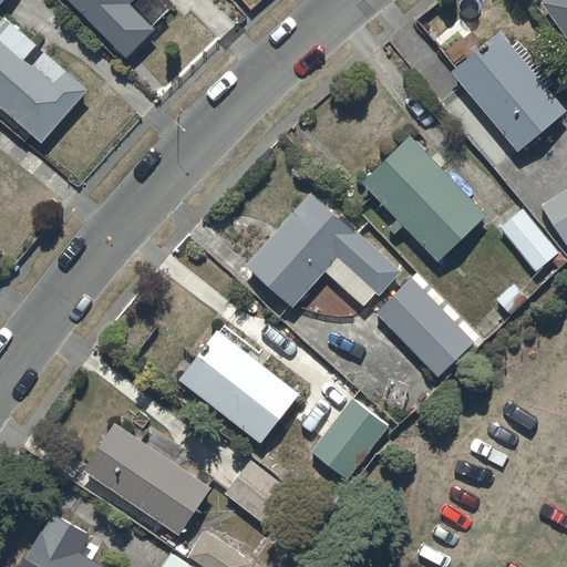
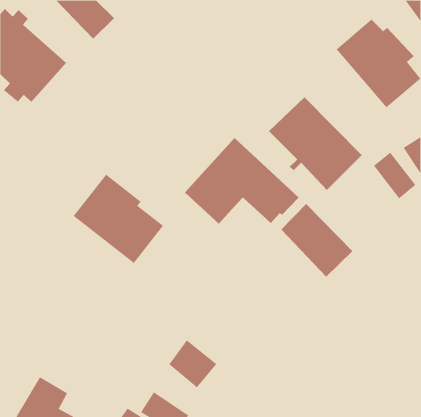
building: [178,323,300,444] -> [73,174,164,264]
building: [311,400,389,481] -> none
building: [82,423,210,540] -> none

